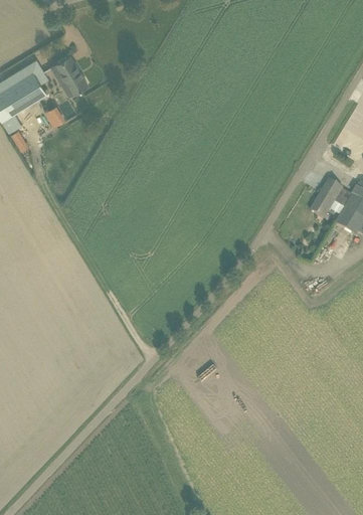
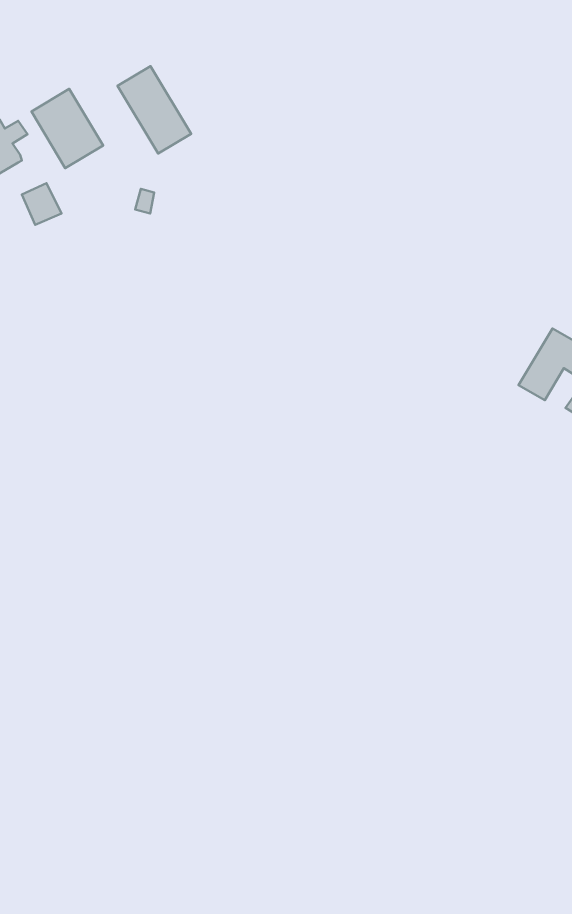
building: none -> [118,66,191,154]

